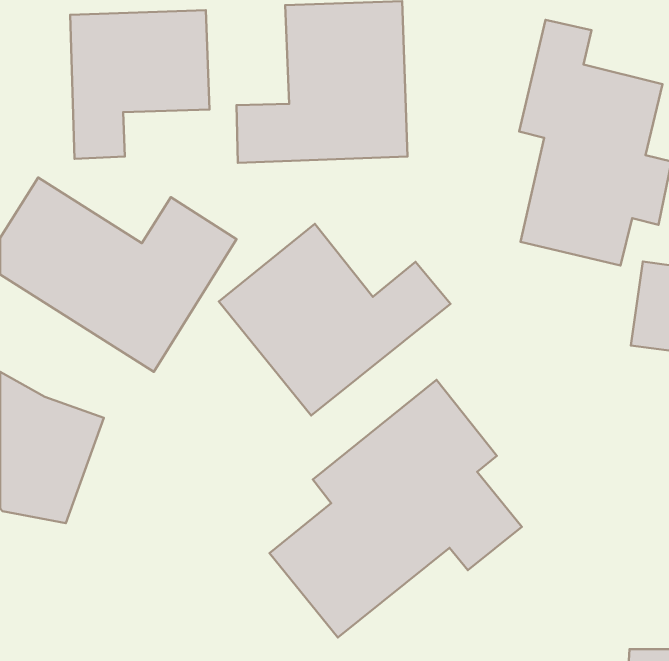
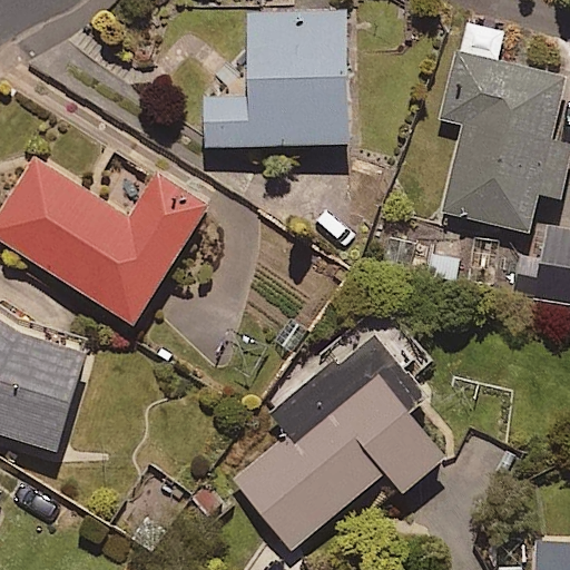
building: [70,10,209,159] -> none
building: [219,224,450,415] -> none

